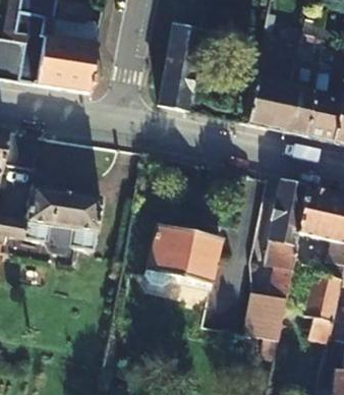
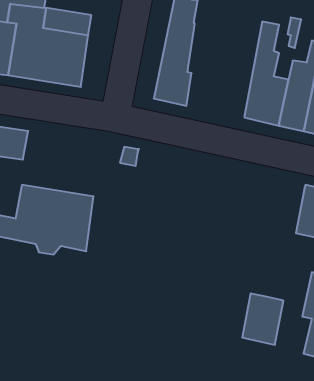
building: [265,184,306,301] -> none
building: [145,227,221,289] -> none

